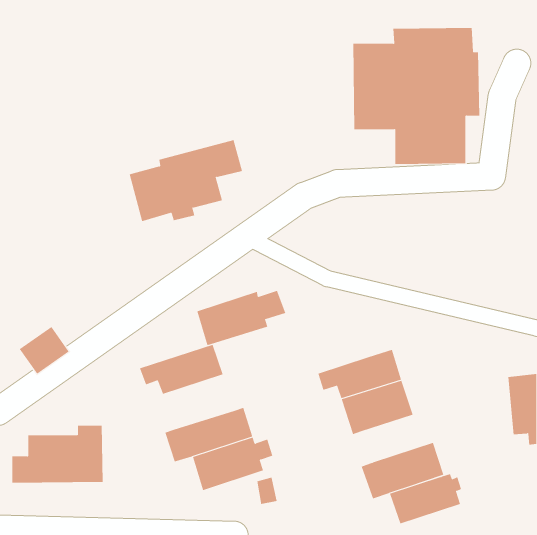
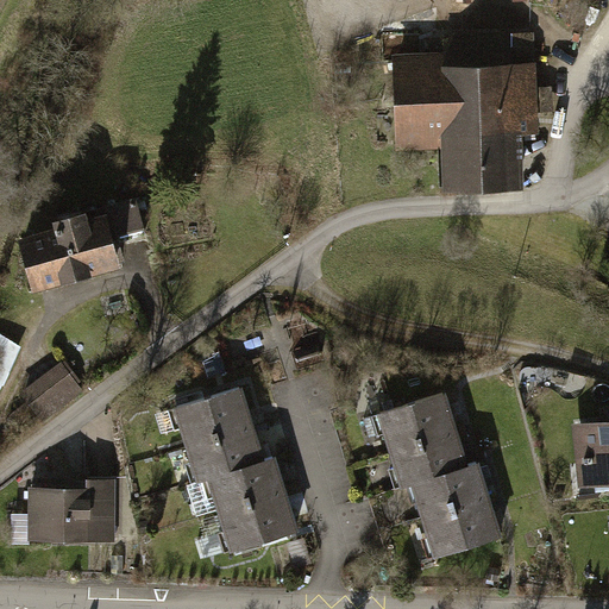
building: [129,139,243,222] -> [17,200,145,293]
building: [196,290,286,346] -> [183,421,284,484]
building: [389,473,462,524] -> [408,464,490,521]

